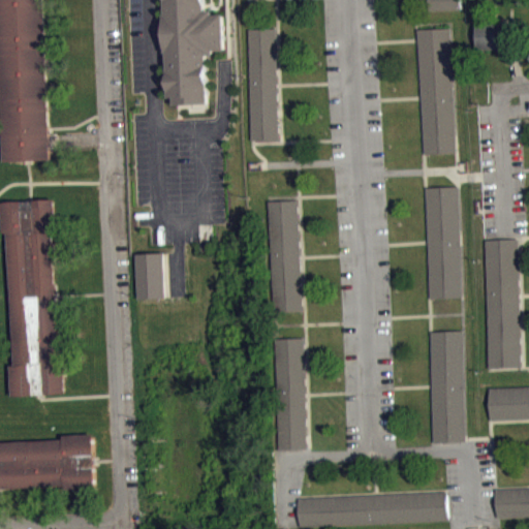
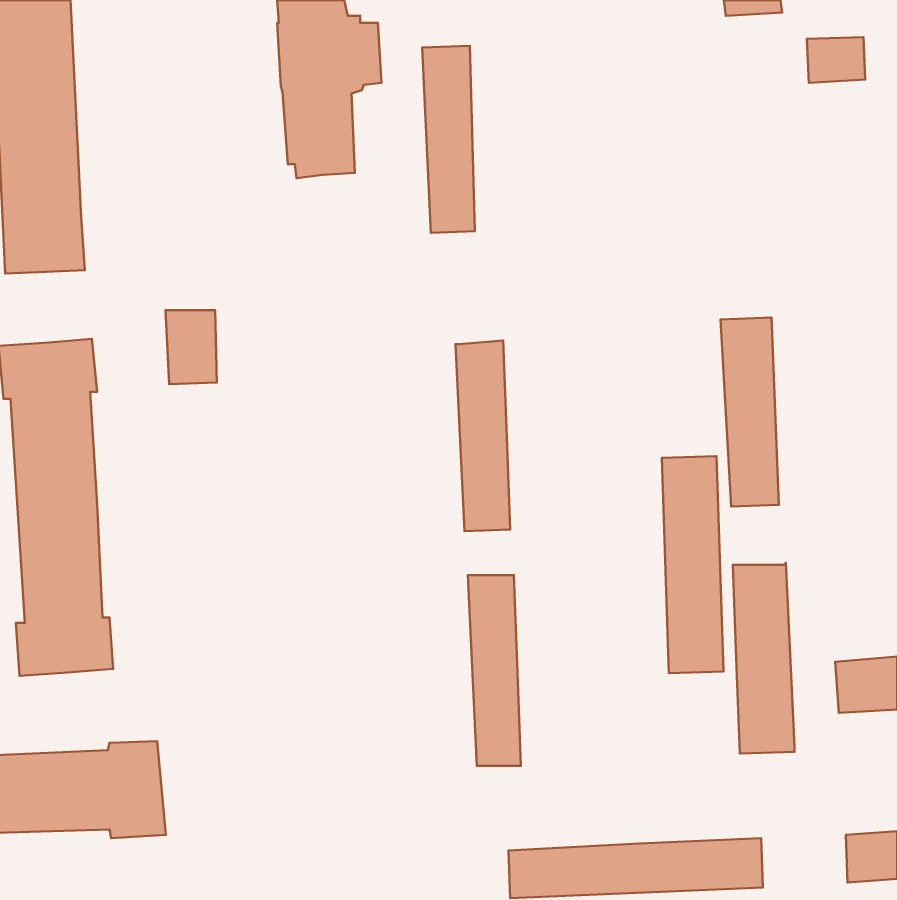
building: [415,29,452,154] -> none
building: [483,239,519,366] -> [662,456,723,673]
building: [135,254,165,298] -> [166,310,217,384]

